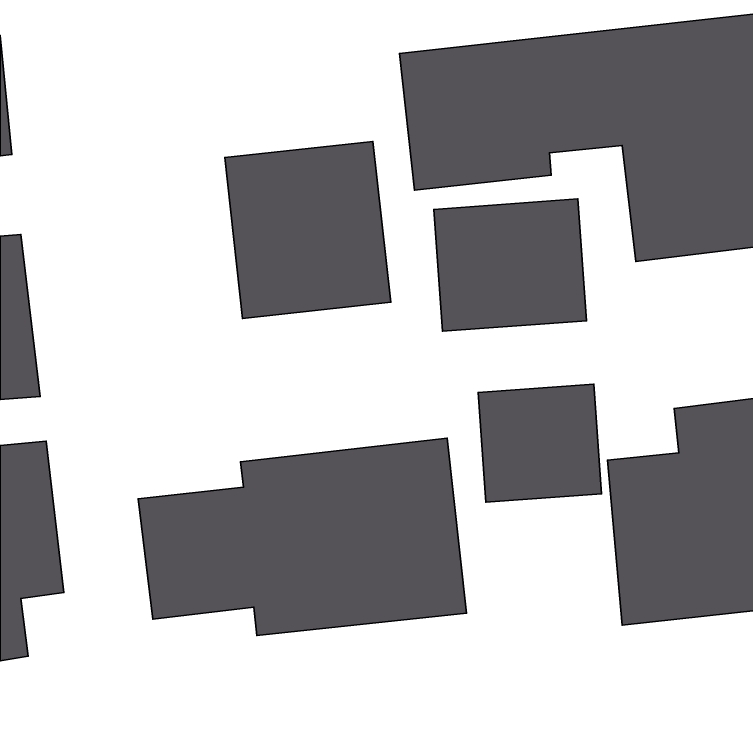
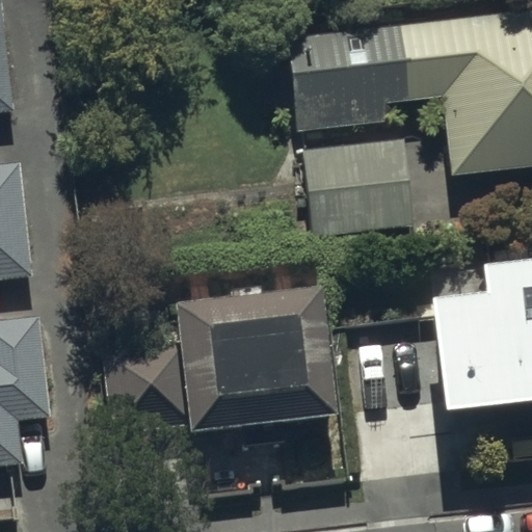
building: [225,141,391,318] -> none
building: [478,384,601,502] -> none

